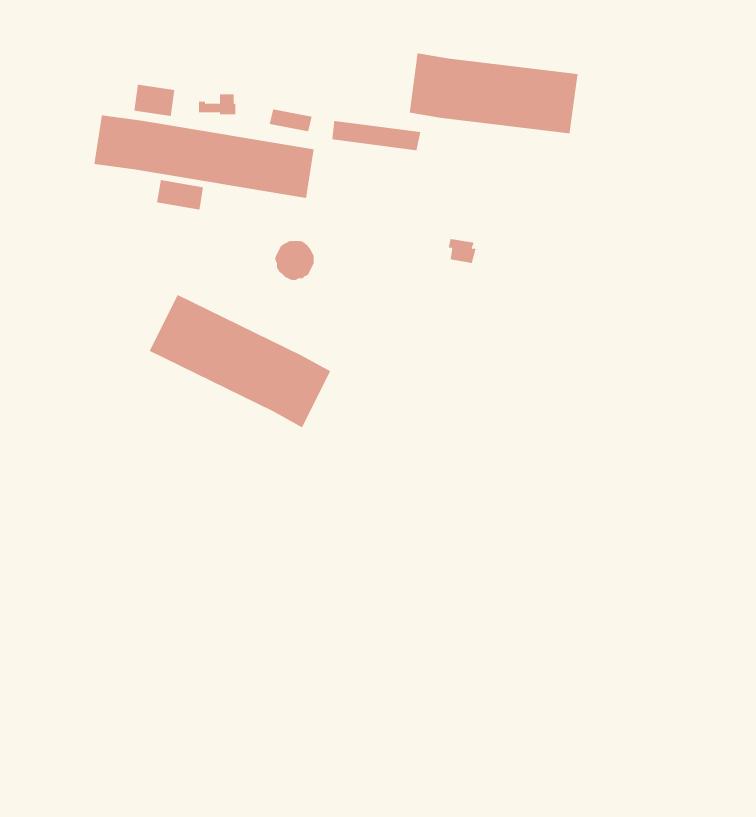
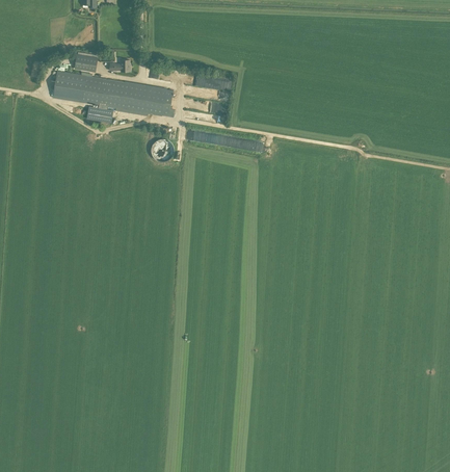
building: [409,52,578,134] -> none
building: [149,294,331,428] -> none

